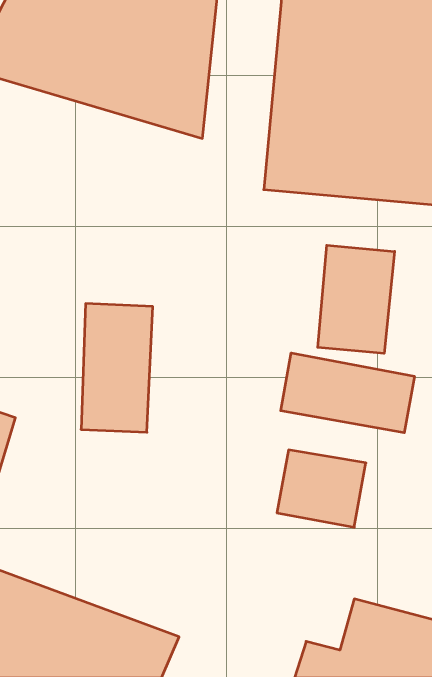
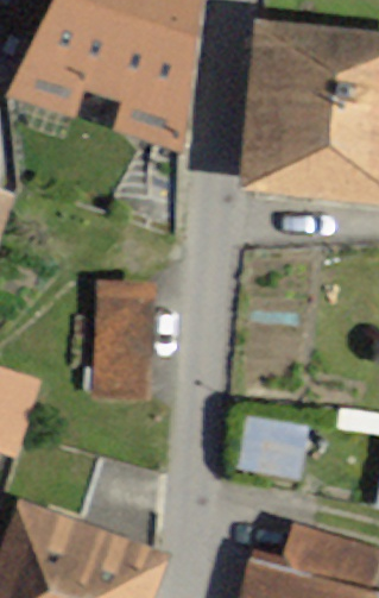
building: [318,245,395,353] -> none
building: [281,353,414,433] -> none

